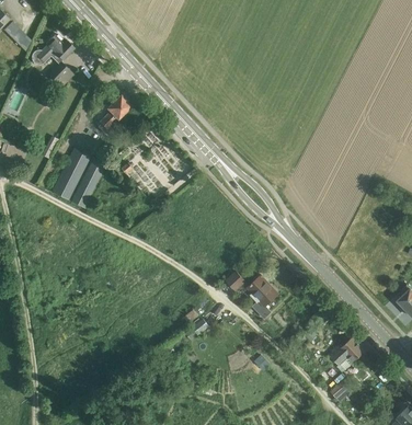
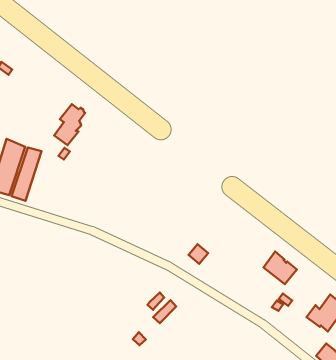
building: [99,95,130,133] -> [54,104,85,145]
building: [247,275,277,307] -> [263,252,297,284]

